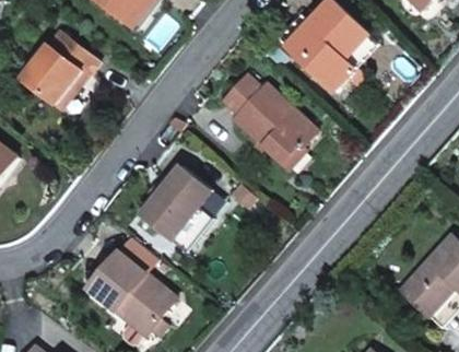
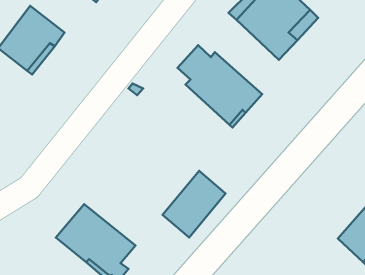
building: [141,165,211,239] -> [163,171,226,237]

